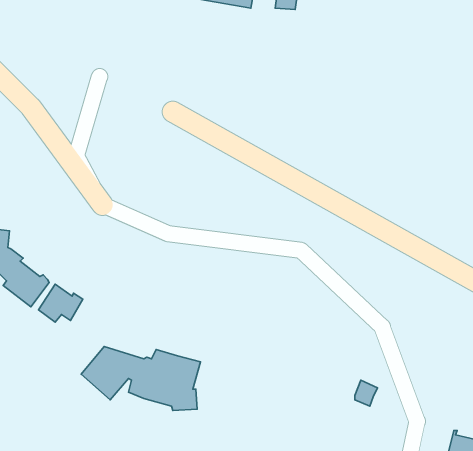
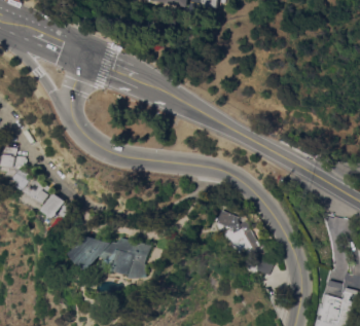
building: none -> [213,211,262,258]

